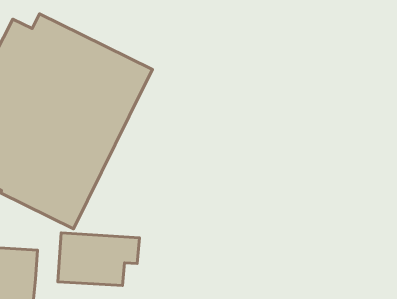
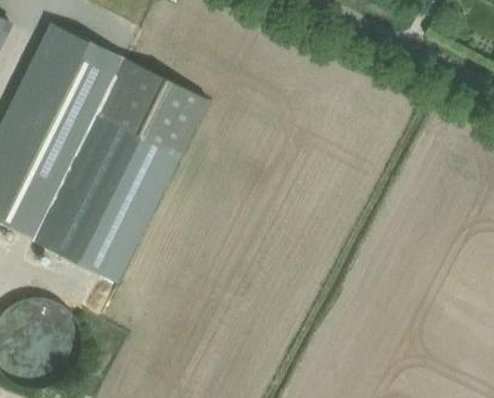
building: [58,233,140,285] -> none

